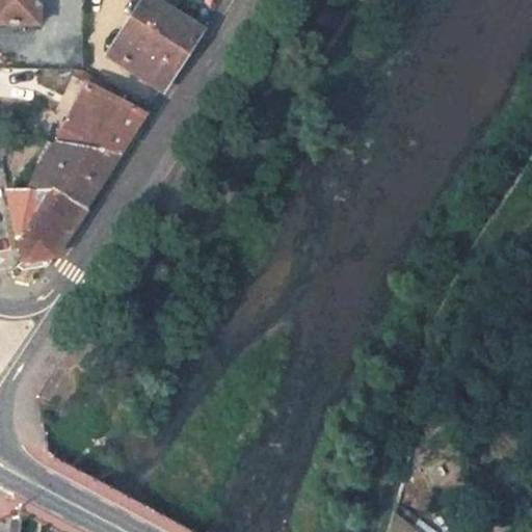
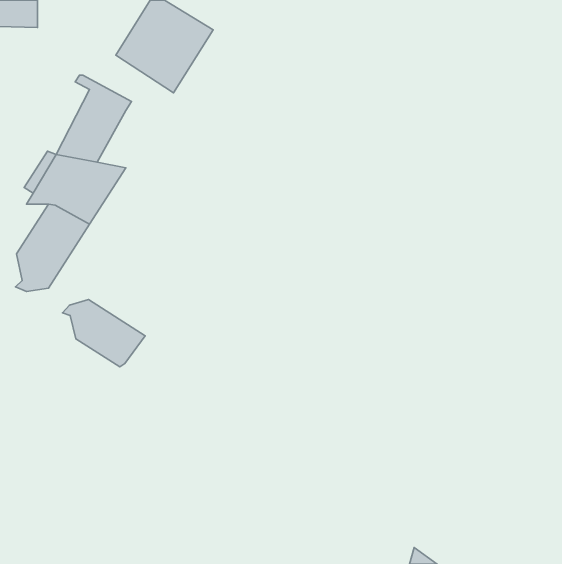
building: [91,104,143,158] -> none
building: [6,192,46,239] -> none
building: none -> [62,300,145,367]

